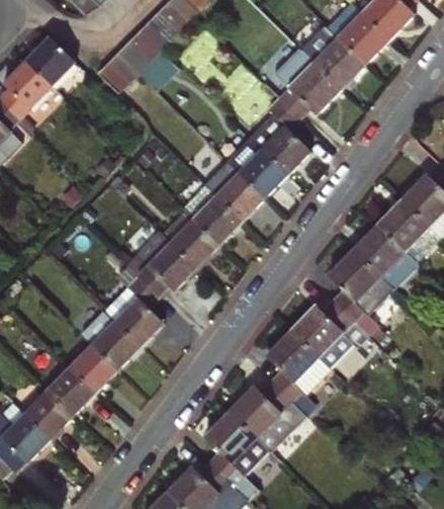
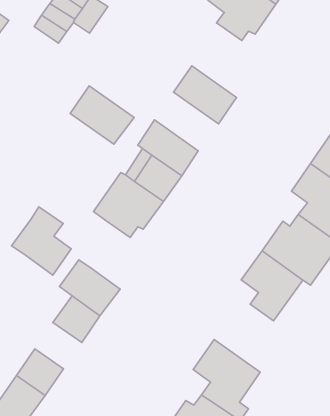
building: [246,98,312,175] -> none
building: [203,160,266,222] -> [70,86,134,144]
building: [106,276,165,346] -> [12,207,71,275]
building: [49,368,96,416] -> none
building: [228,381,302,450] -> none

